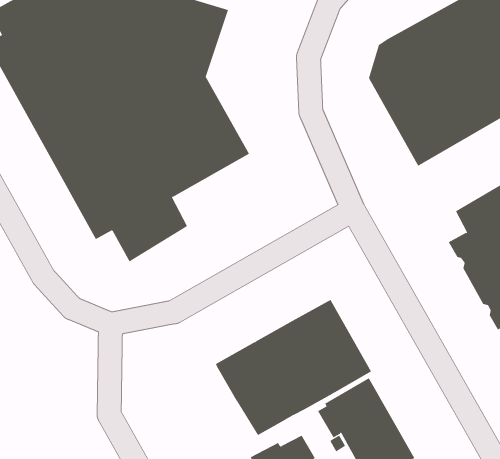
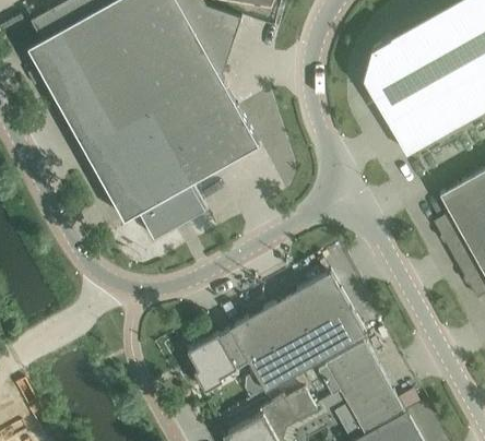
building: none -> [188,332,248,393]

